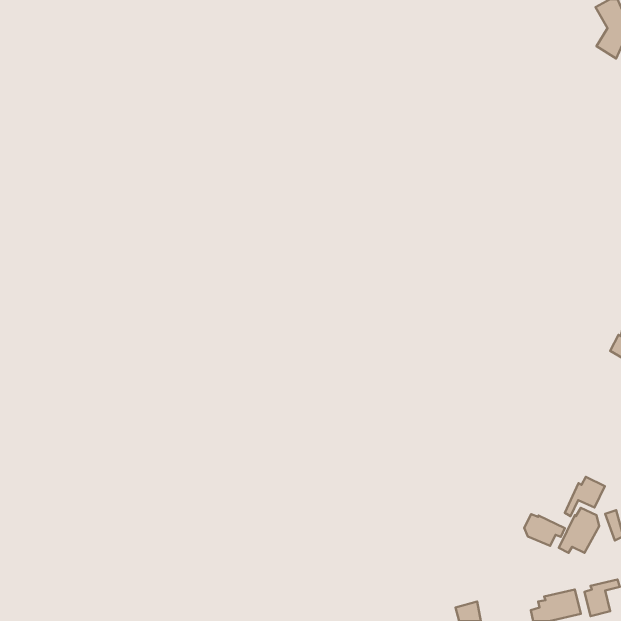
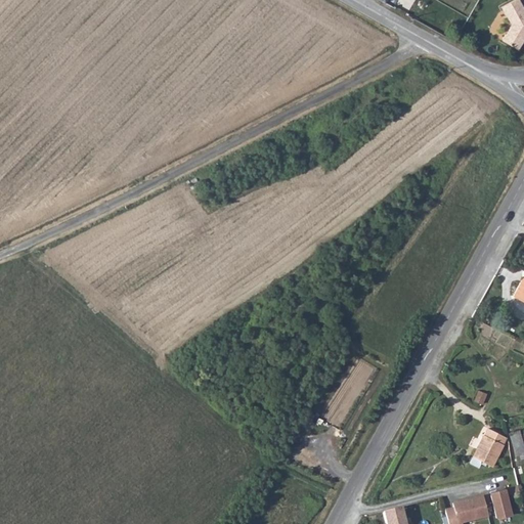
building: [565,477,605,516] -> none
building: [524,514,565,546] -> none

